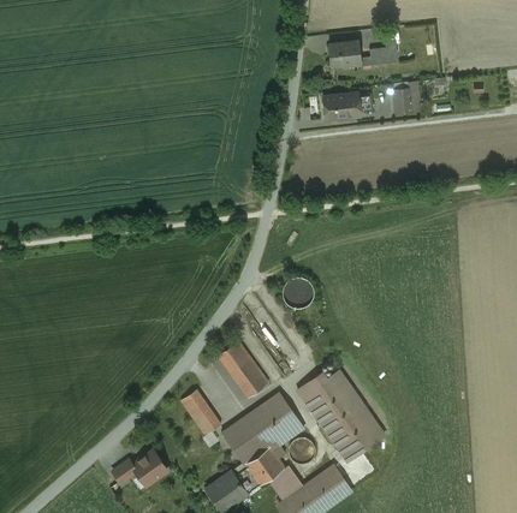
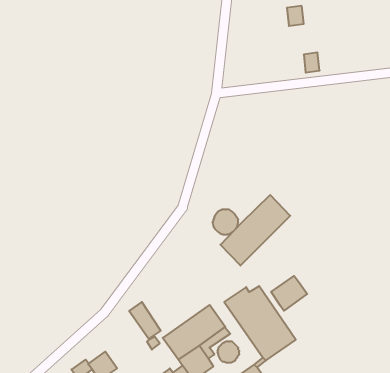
building: [328,40,361,67] -> none
building: [323,93,359,118] -> none
building: none -> [220,195,290,266]
building: [218,340,268,396] -> none
building: none -> [271,276,307,311]

